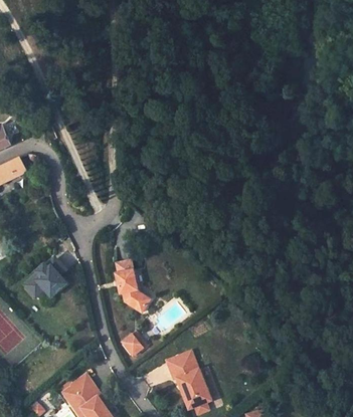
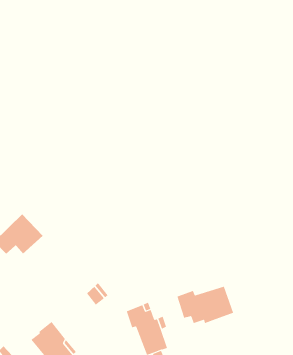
building: [116,258,149,310] -> none
building: none -> [177,286,234,324]

